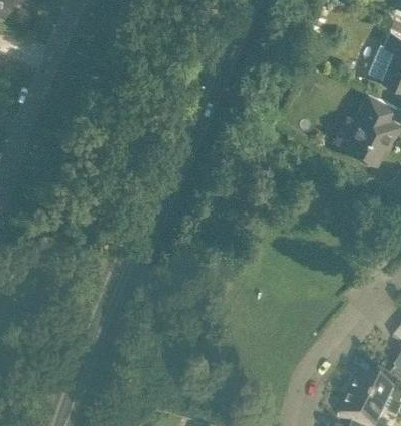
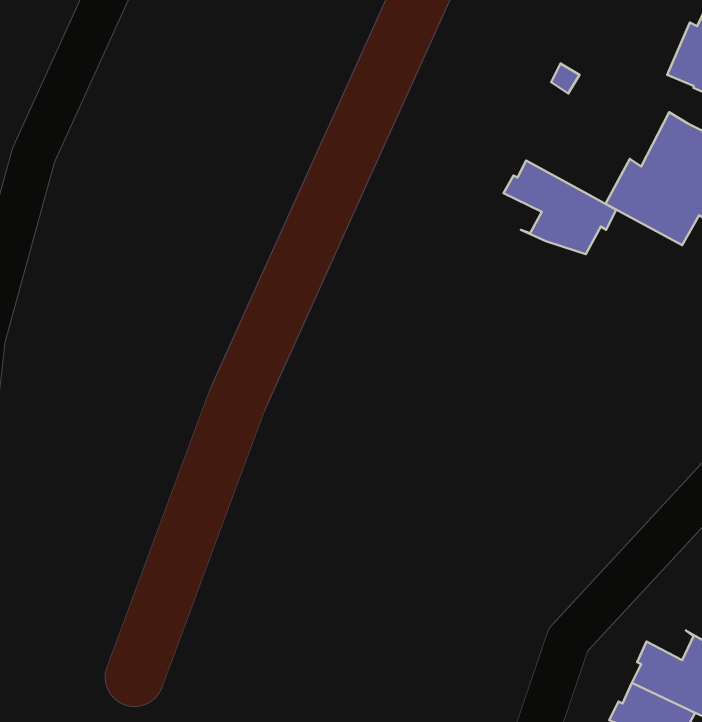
building: none -> [504,161,616,254]

